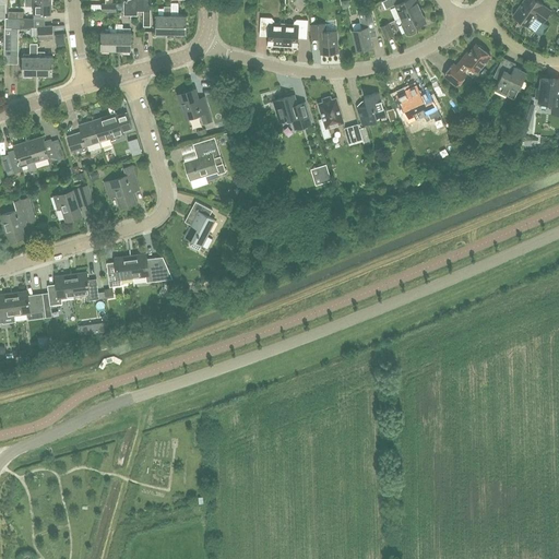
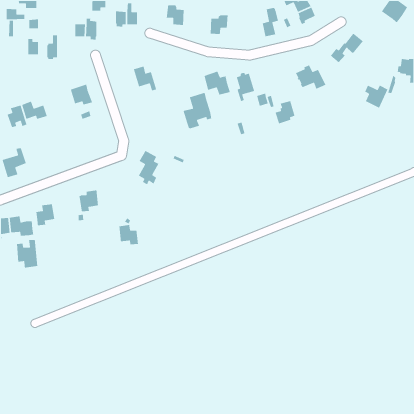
building: [259,17,284,46] -> [166,5,185,26]
building: [311,24,337,53] -> none
building: [22,43,37,76] -> [47,35,58,60]
building: [493,67,526,99] -> [364,84,388,109]
building: [357,92,385,124] -> [275,100,296,124]
building: [68,120,100,154] -> none
building: [185,136,225,187] -> [182,92,212,129]
building: [105,166,139,205] -> none
building: [51,187,92,219] -> none
building: [131,253,158,282] -> [119,224,139,245]
building: [71,272,99,300] -> none
building: none -> [16,239,38,269]

